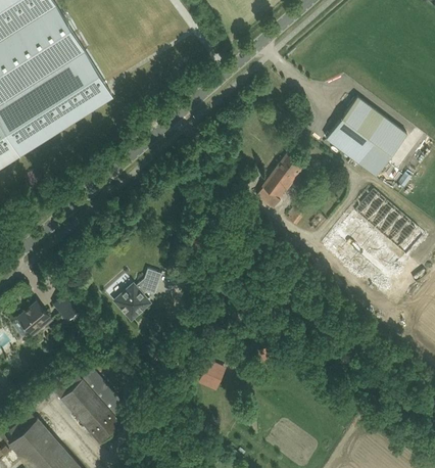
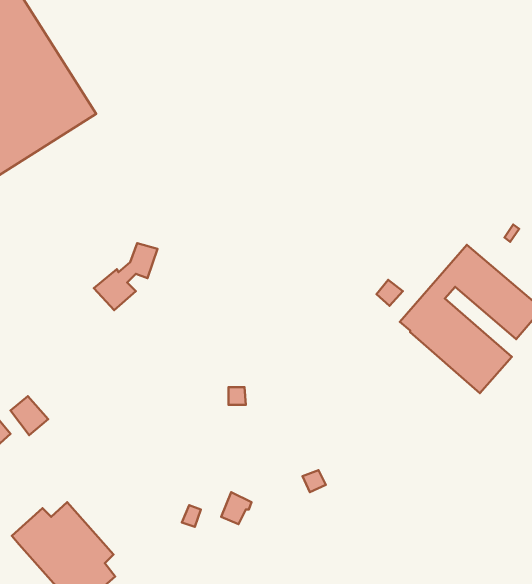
building: [326,97,405,176] -> none
building: [255,153,303,208] -> none
building: [116,270,161,317] -> [94,243,158,310]

